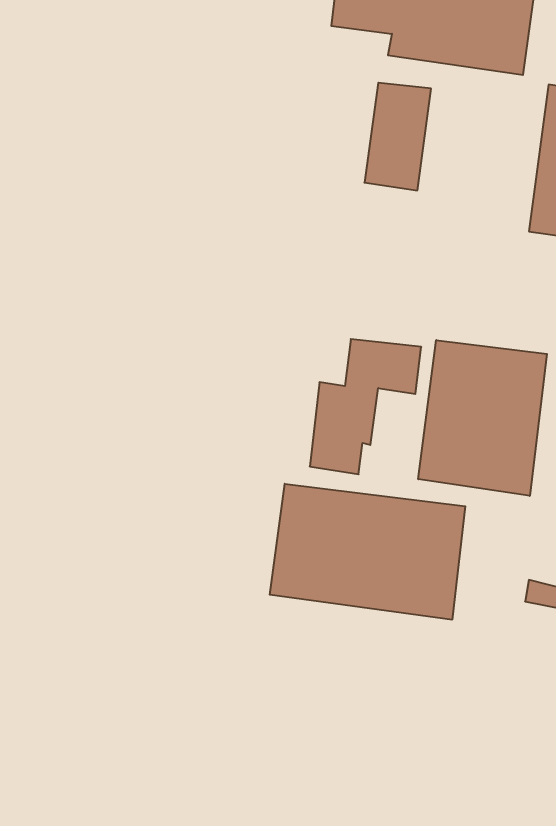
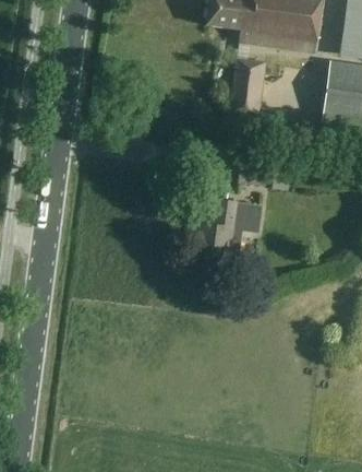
building: [418,340,547,496] -> none
building: [270,484,465,620] -> none

